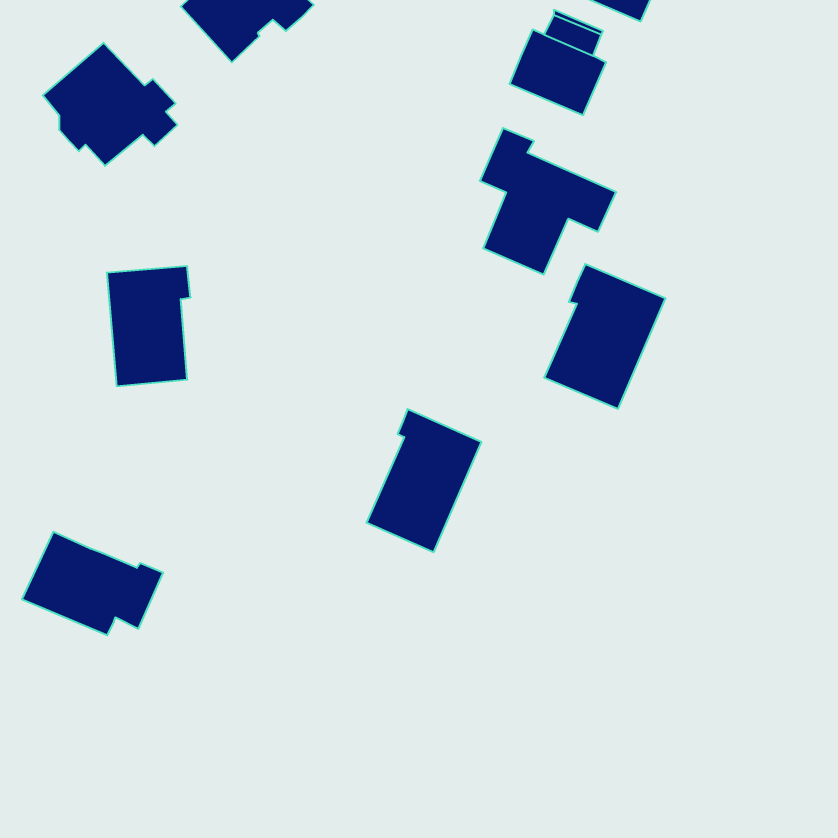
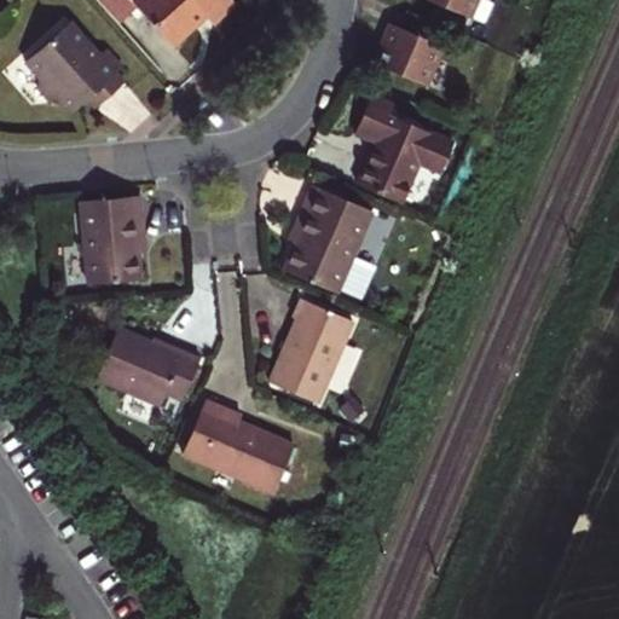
building: [544,264,666,409] -> [282,189,371,295]
building: [22,532,163,635] -> [96,325,199,401]
building: none -> [183,394,293,487]

